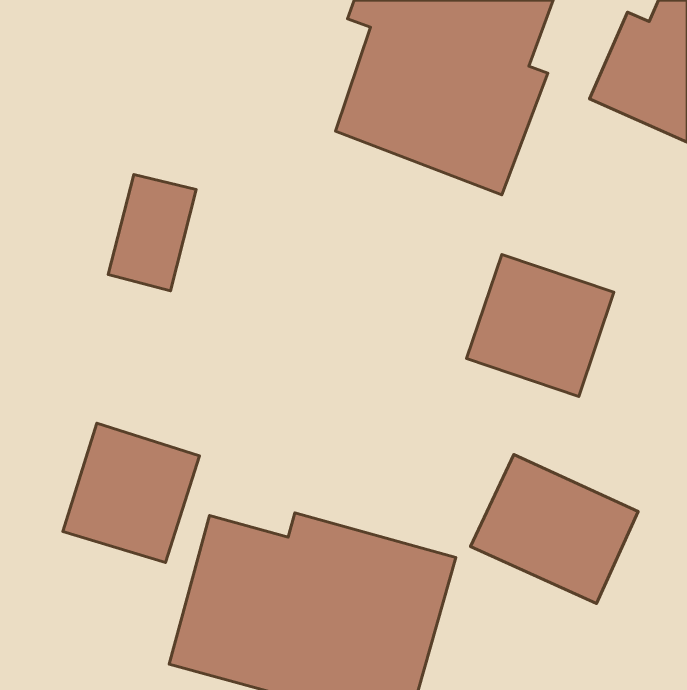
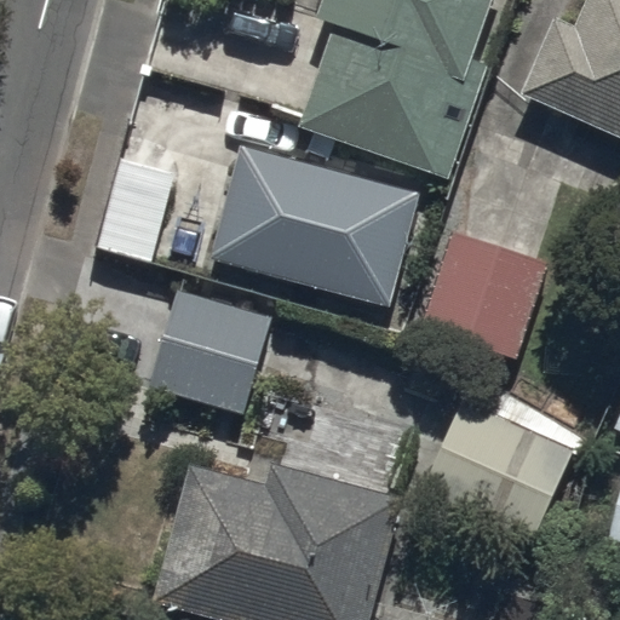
building: none -> [209,143,423,310]
building: [63,423,199,563] -> [148,288,270,413]

